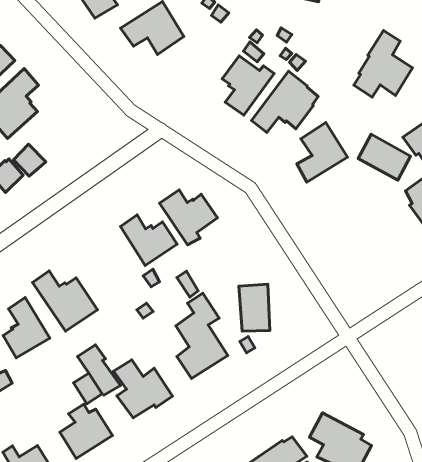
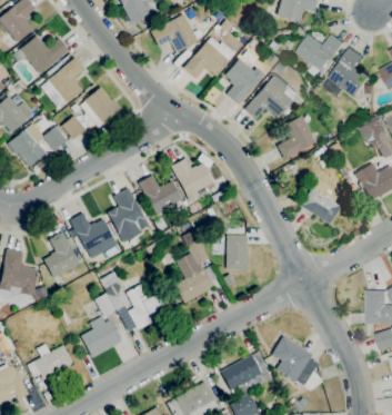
building: none -> [296,34,344,77]
building: none -> [183,37,234,78]
building: none -> [79,87,122,128]
building: [358,134,411,180] -> [301,188,341,225]
building: none -> [107,188,149,243]

